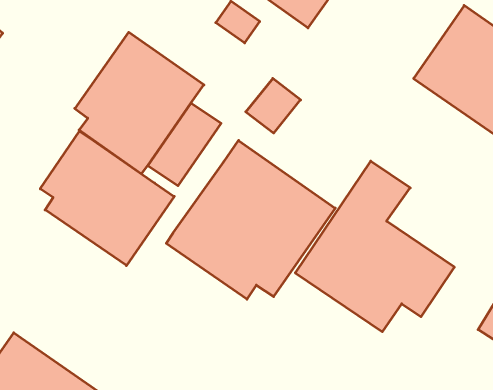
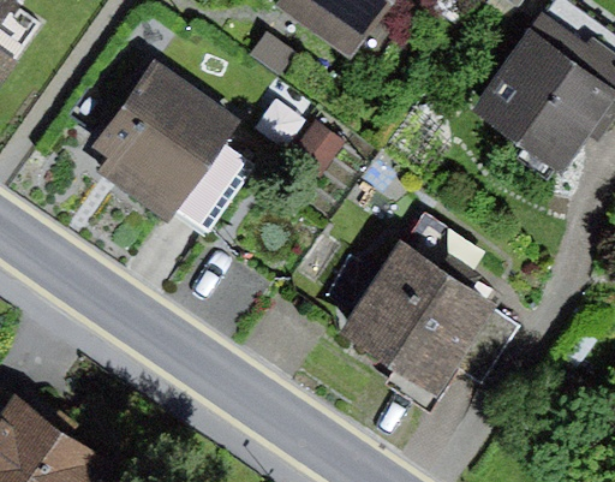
building: [40,131,174,266] -> none
building: [166,140,335,299] -> none

